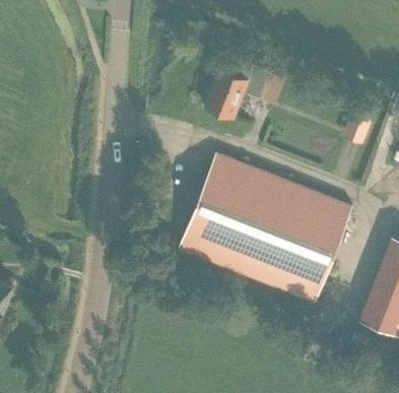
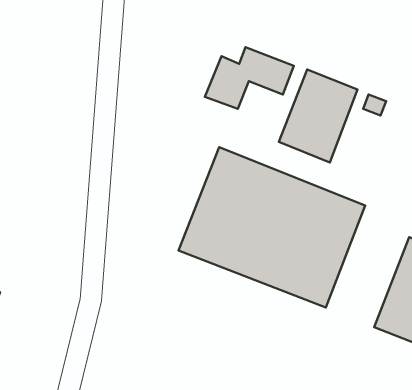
building: none -> [279,70,358,162]

